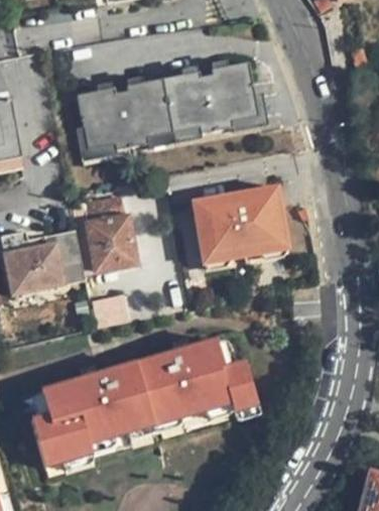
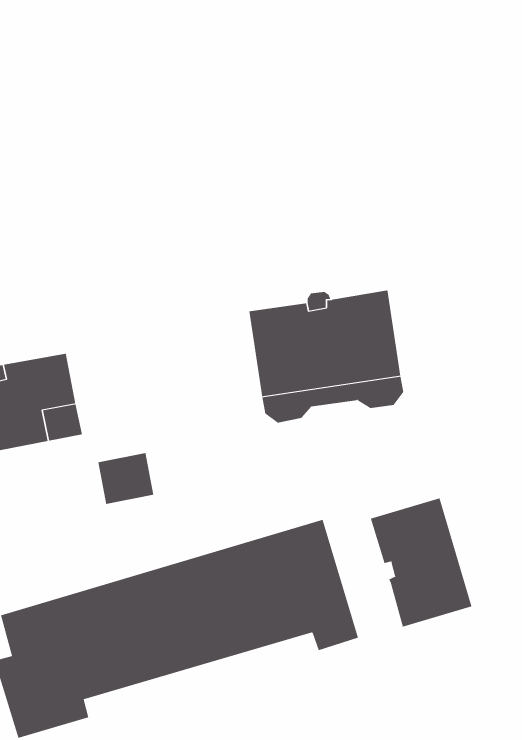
building: [79,63,259,151] -> none
building: [74,196,136,272] -> none
building: none -> [370,498,472,627]

